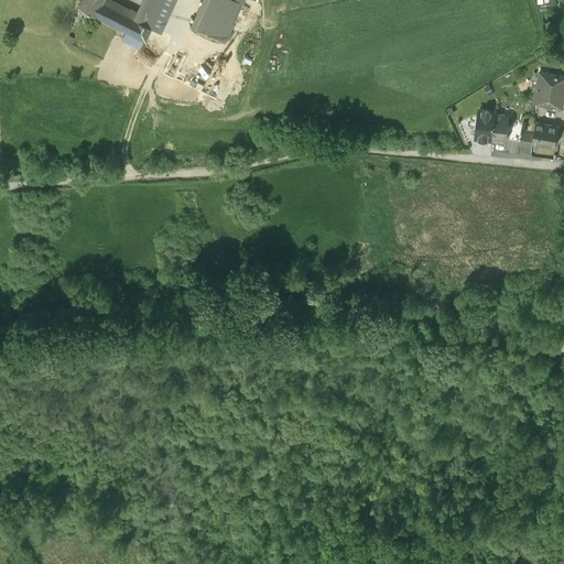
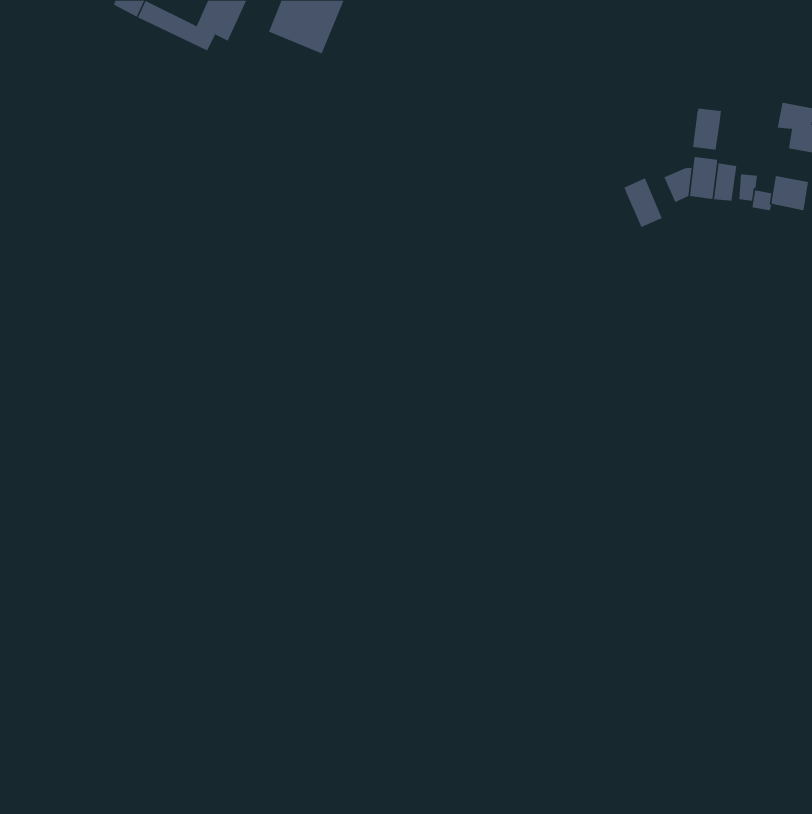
building: none -> [692,108,722,151]
building: none -> [624,178,663,228]

